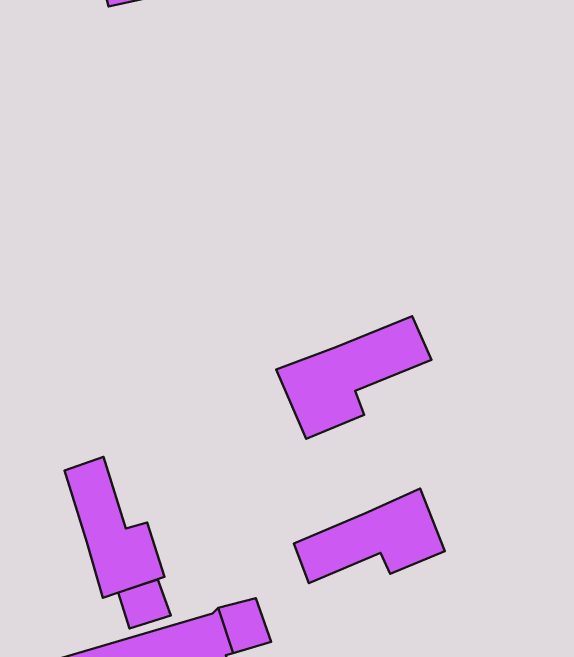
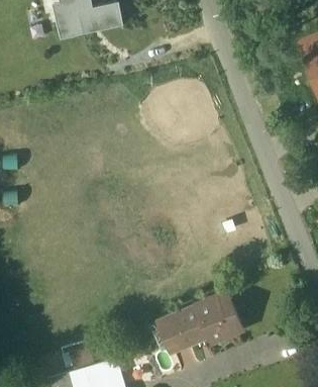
building: [276,316,431,439] -> none
building: [65,457,165,598] -> none

